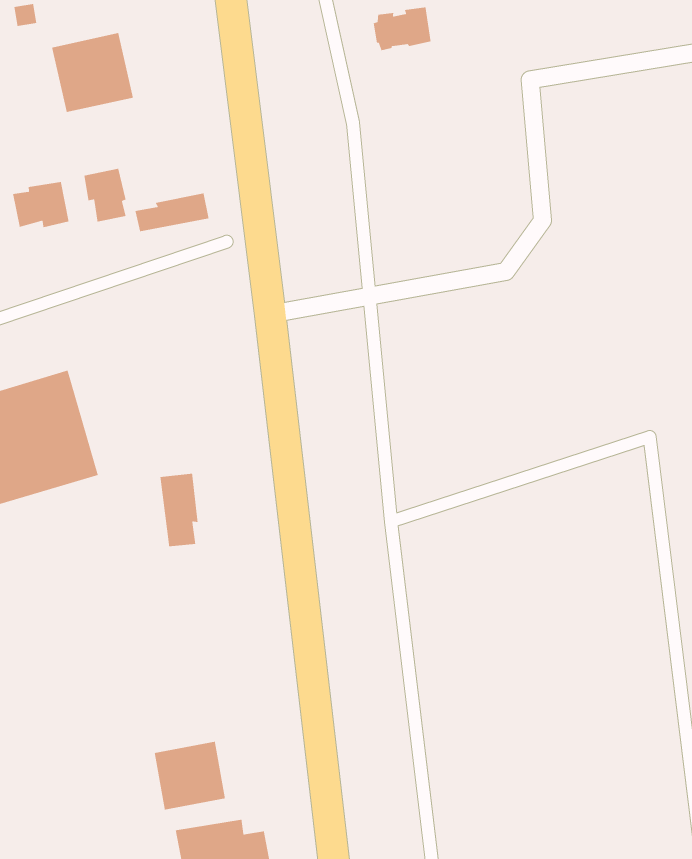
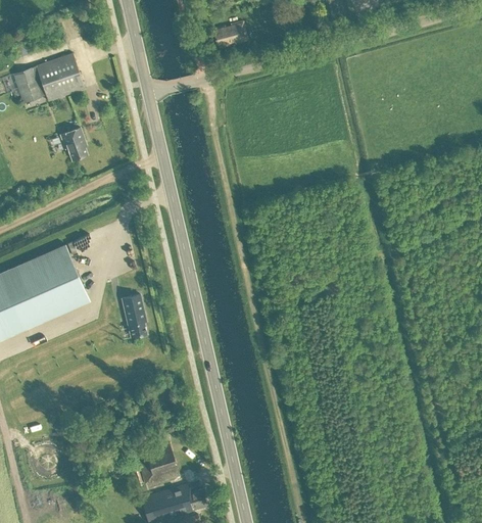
building: none -> [13,68,43,104]
building: [12,181,70,228] -> none
building: [134,193,210,232] -> none

